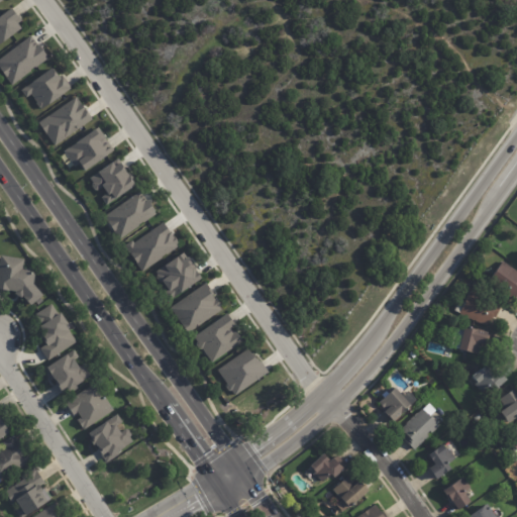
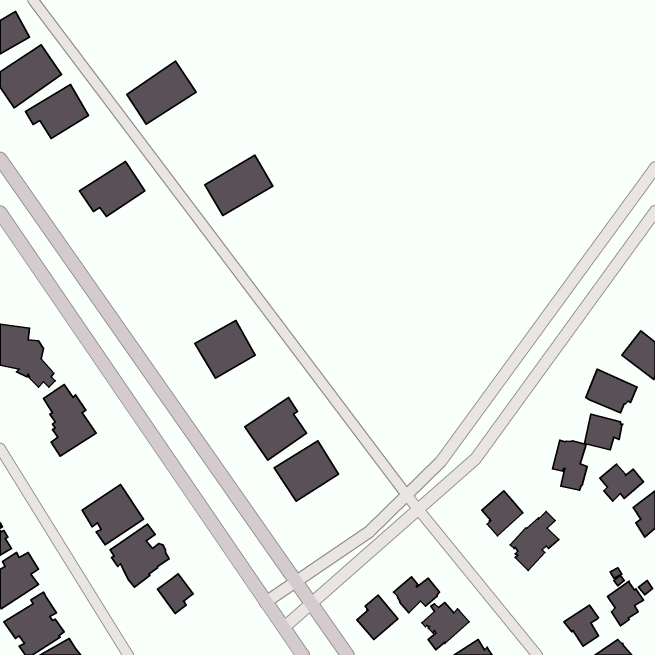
building: [38,96,93,145] -> [127,61,196,124]
building: [89,160,135,204] -> none
building: [103,191,157,238] -> [205,155,273,216]
building: [125,222,180,271] -> none
building: [170,284,222,332] -> none
building: none -> [553,440,587,490]
building: [43,348,90,396] -> none
building: [428,443,456,479] -> [608,581,643,626]
building: none -> [157,574,193,613]
building: none -> [357,595,398,640]

